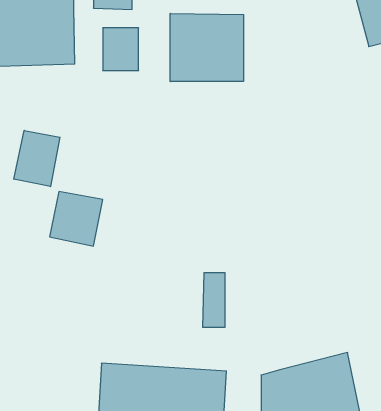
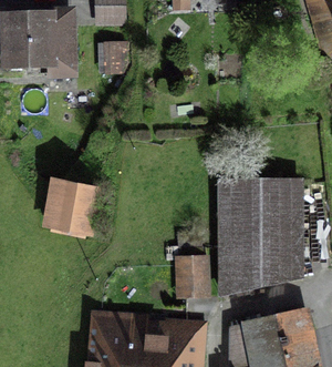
building: [170,13,244,82] -> none
building: [14,130,60,187] -> none
building: none -> [225,186,307,294]

